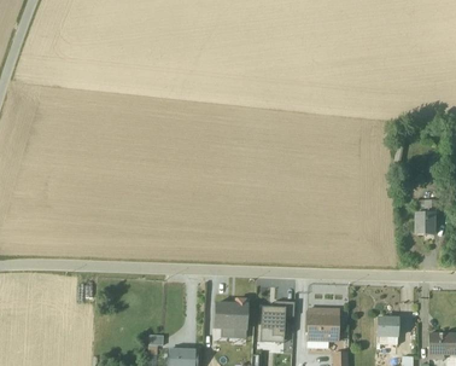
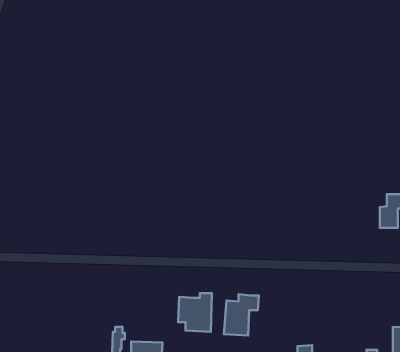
building: [306,308,338,341] -> none
building: [376,316,398,344] -> none

